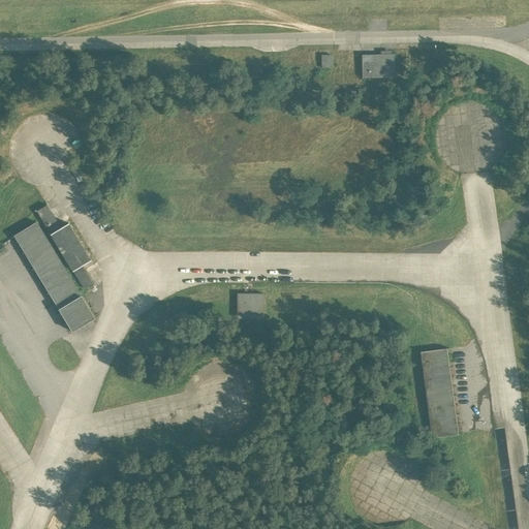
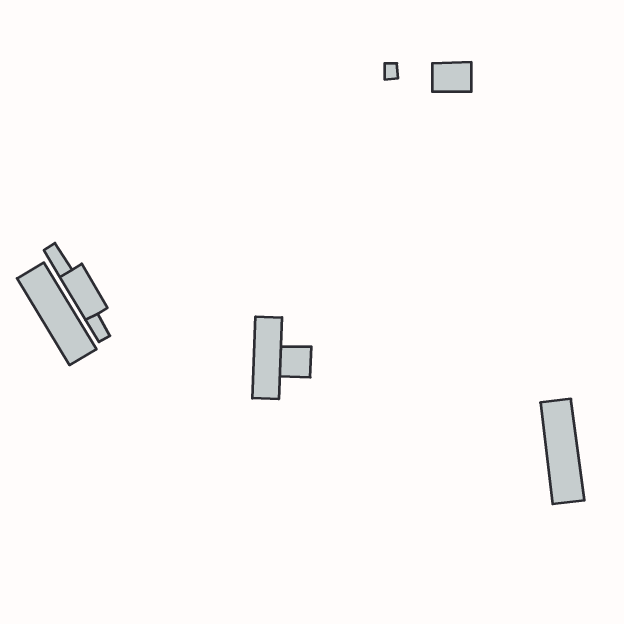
building: none -> [252,317,282,399]
building: [59,295,95,332] -> none
building: [421,349,458,438] -> [540,399,584,504]

